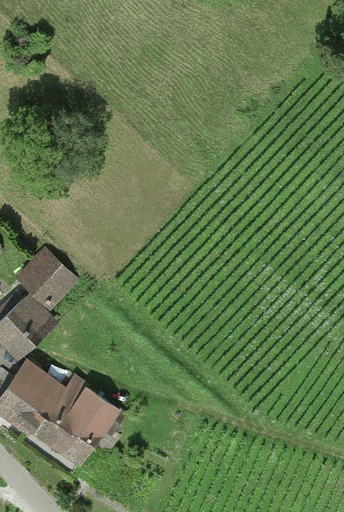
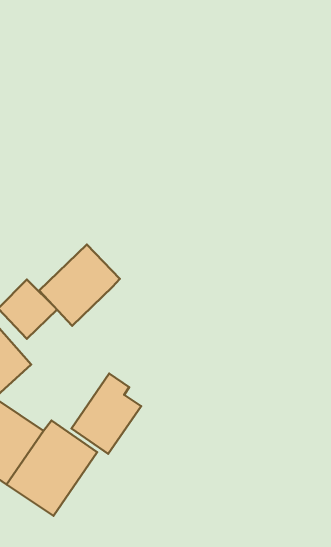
building: none -> [39,244,120,326]
building: none -> [71,373,141,454]

